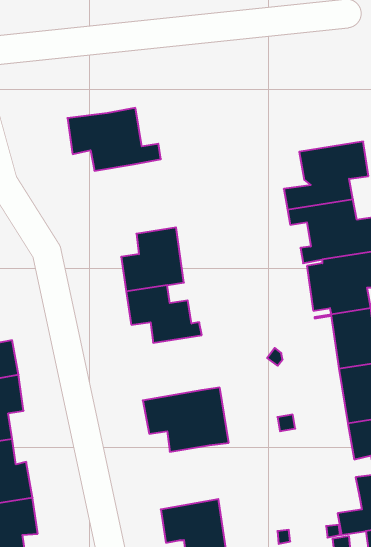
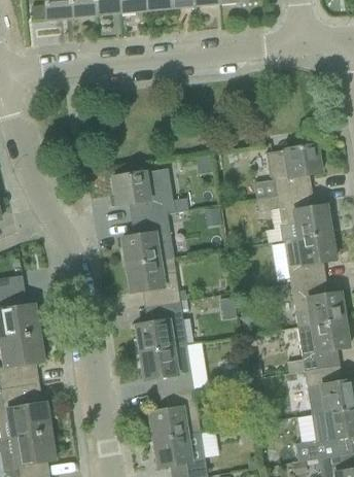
building: [67,108,161,171] -> [113,168,188,218]
building: none -> [136,300,189,352]
building: none -> [150,388,201,440]

